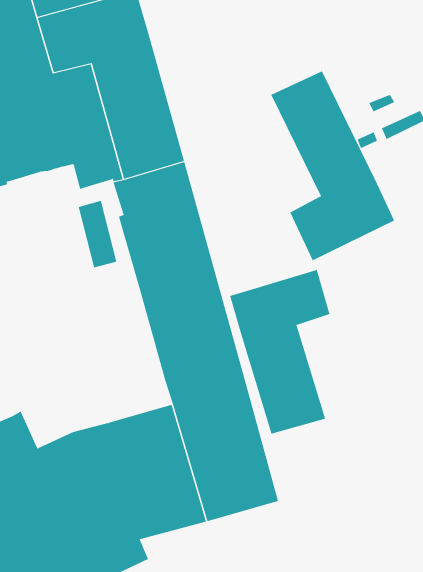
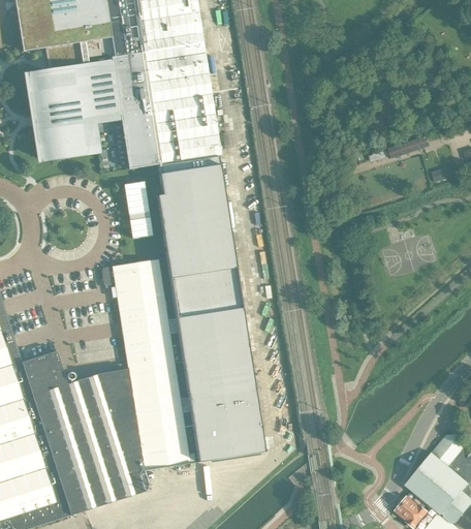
building: [270,71,395,261] -> none
building: [229,269,330,435] -> none
building: none -> [100,257,184,369]

